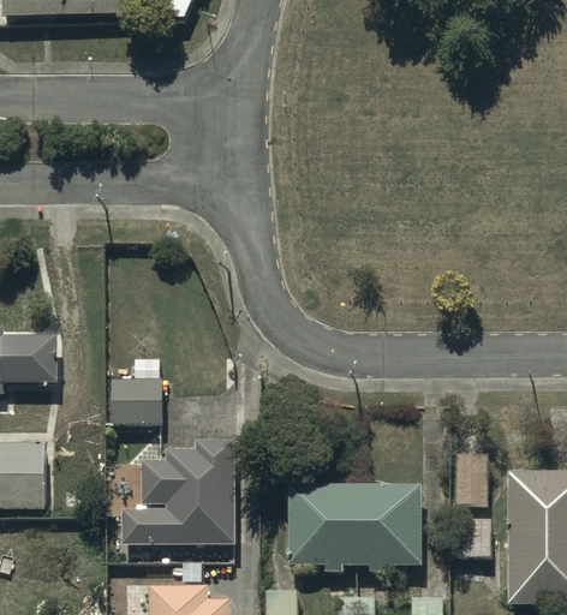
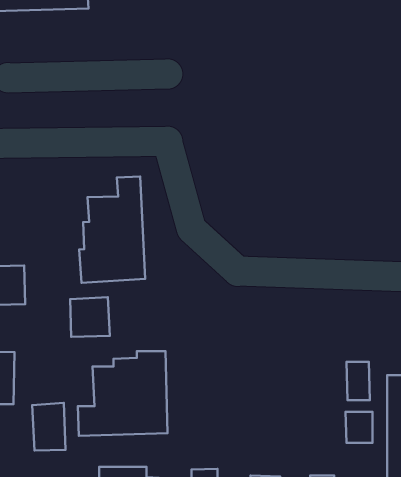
building: none -> [79,176,145,283]
building: [288,482,420,571] -> none
building: none -> [32,403,65,451]

